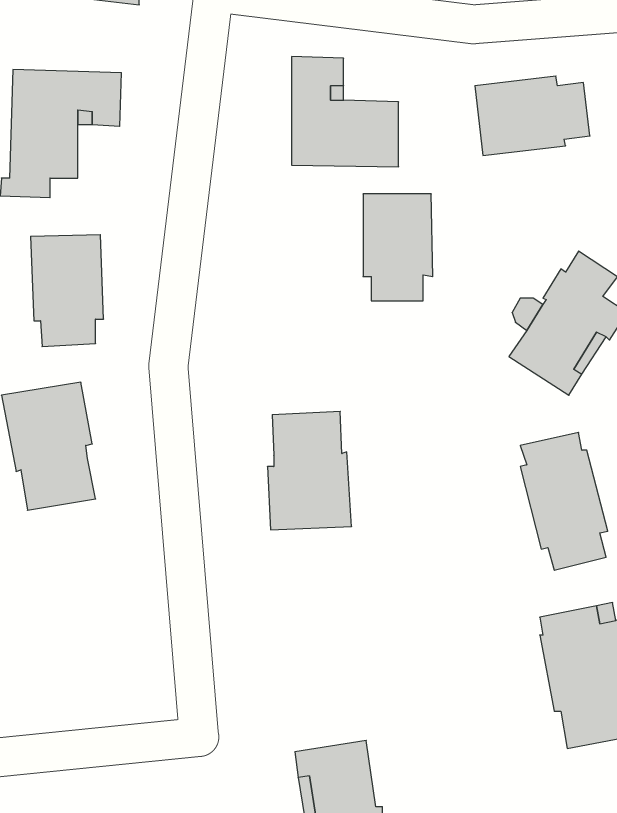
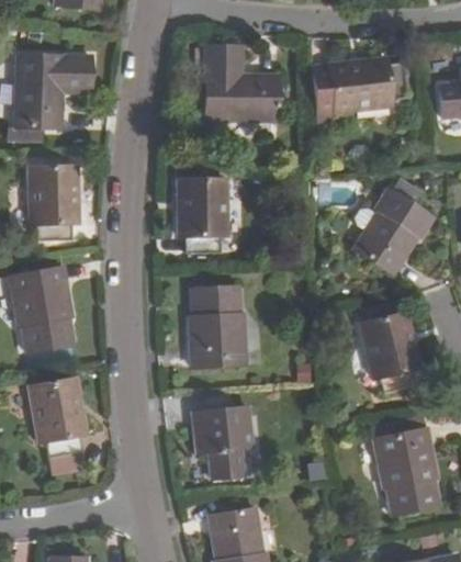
building: [363,194,433,301] -> [179,180,226,252]
building: none -> [30,378,86,458]
building: none -> [192,406,251,479]

